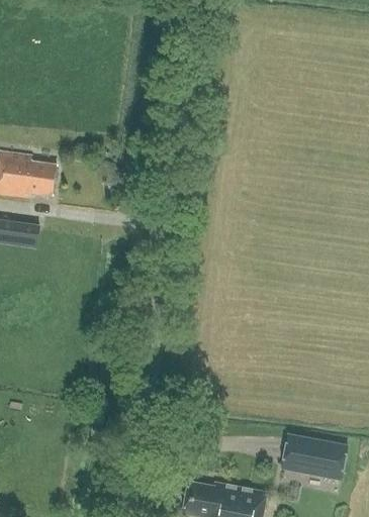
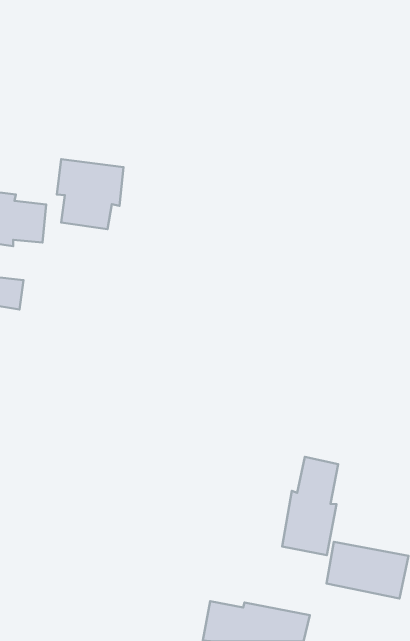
building: none -> [57,159,123,229]
building: none -> [282,457,338,555]

